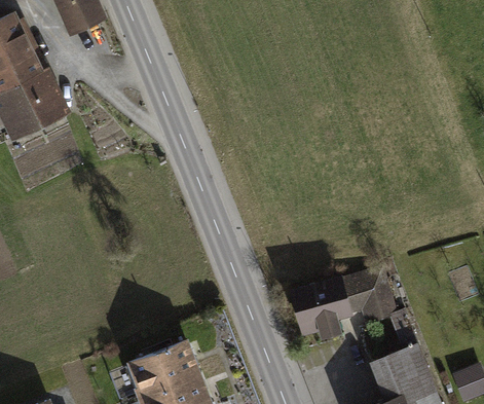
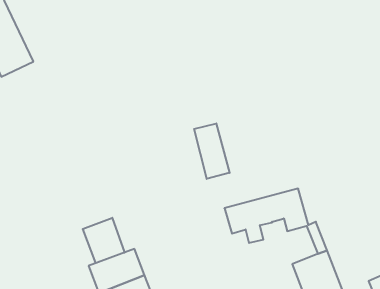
building: none -> [194,123,230,179]
building: none -> [83,218,125,263]

